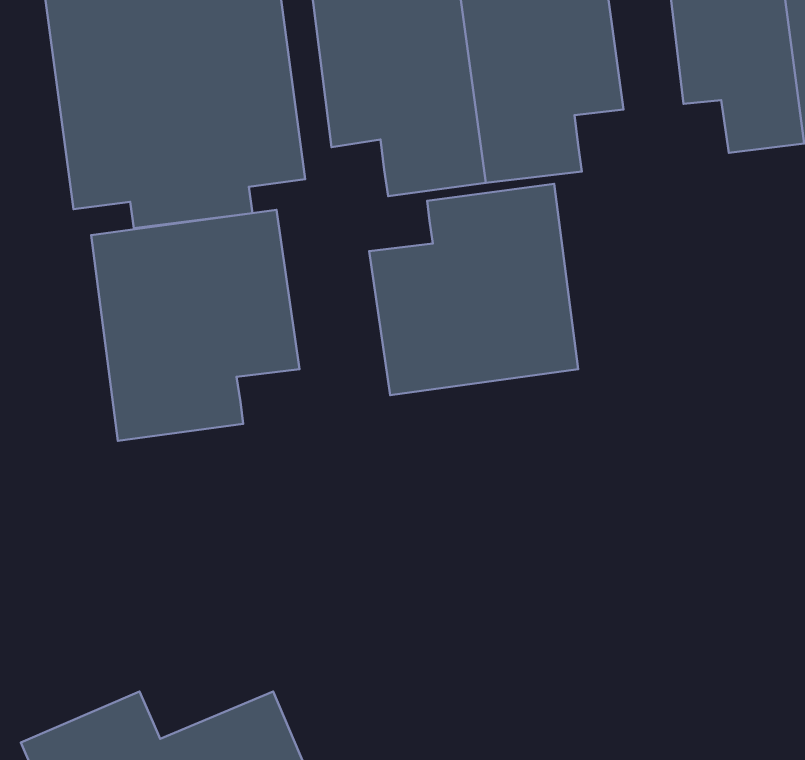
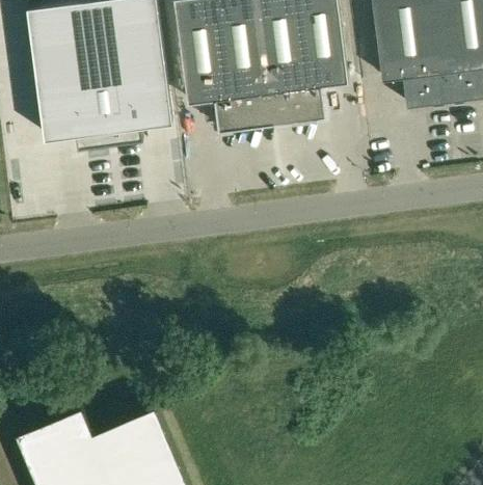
building: [369,184,578,395] -> none
building: [91,210,300,441] -> none

